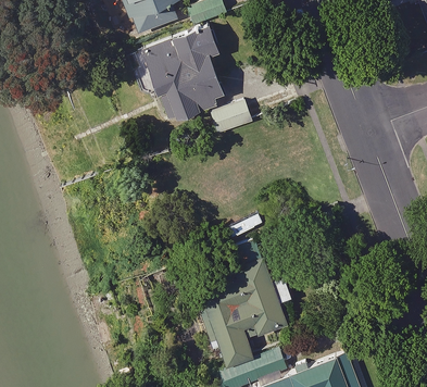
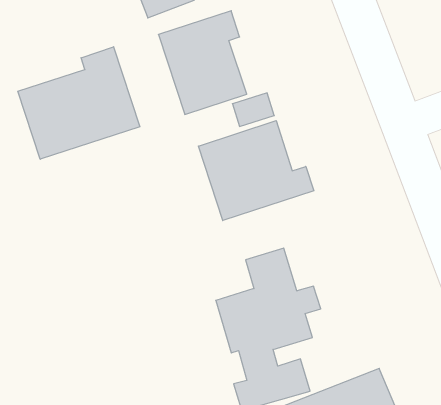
building: none -> [18,47,140,159]
building: none -> [198,121,314,221]

